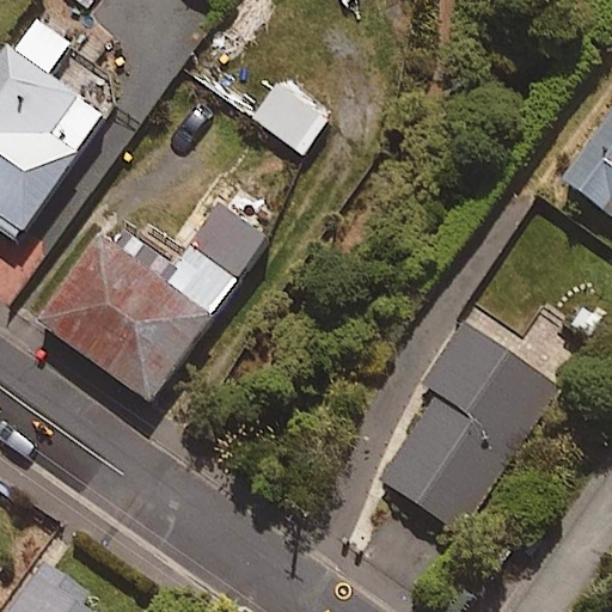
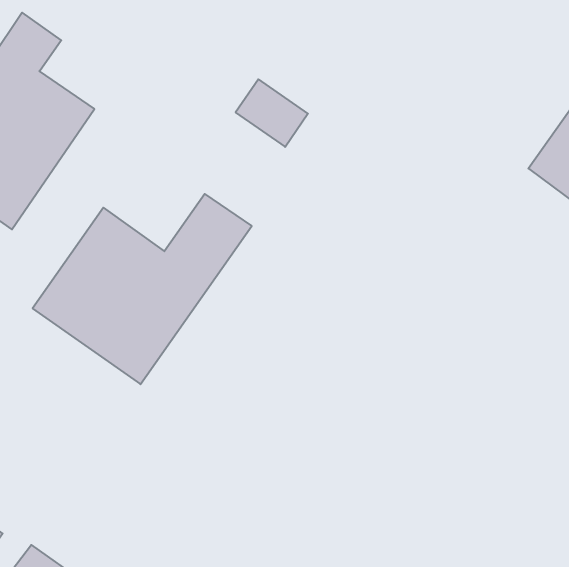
building: [380,314,564,532] -> none

